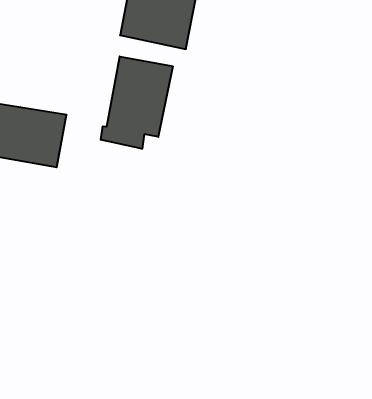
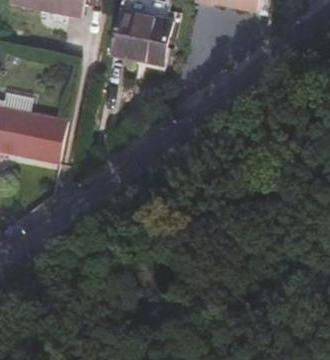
building: [101,56,173,149] -> none

